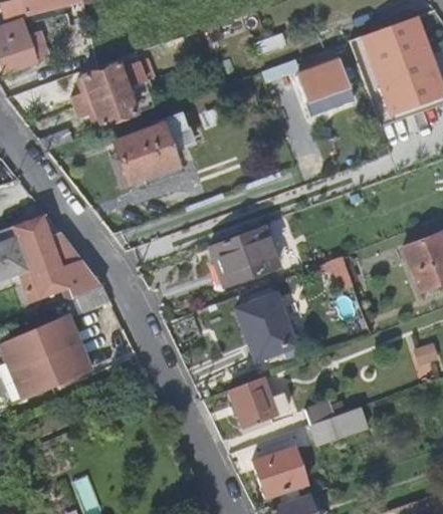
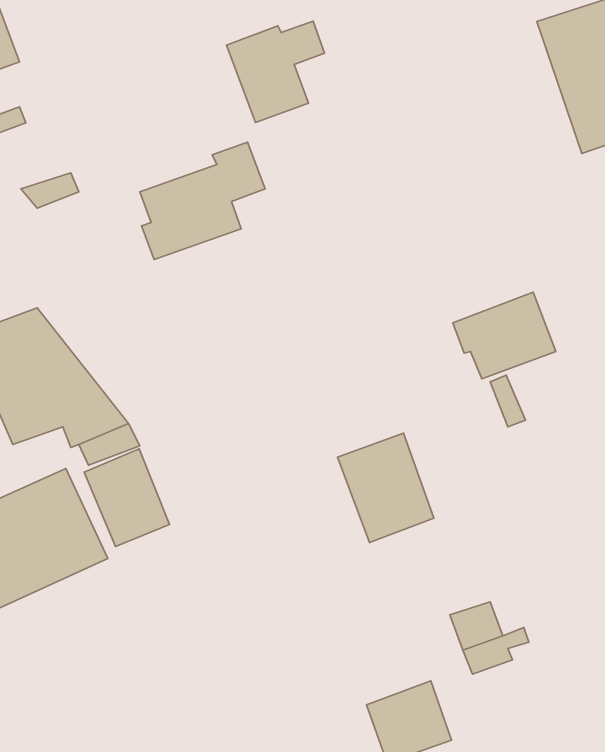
building: [295,59,354,117] -> none
building: [80,61,142,124] -> [227,21,325,122]
building: [211,230,275,284] -> [453,292,556,379]
building: none -> [84,449,169,547]
building: [230,376,285,426] -> none

